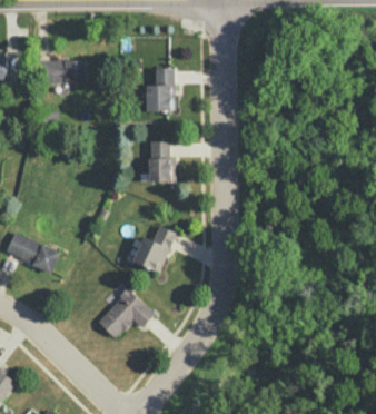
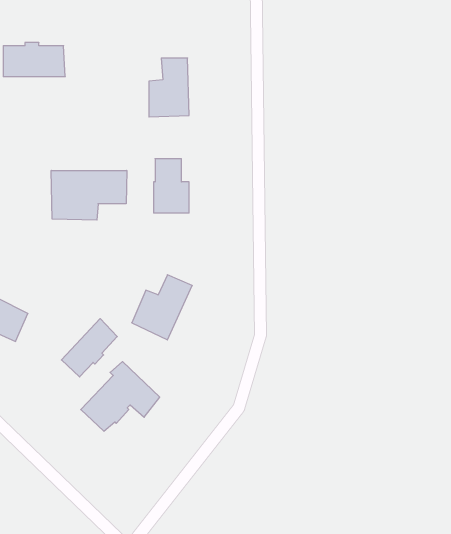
building: none -> [51,170,127,220]
building: none -> [61,319,117,377]

